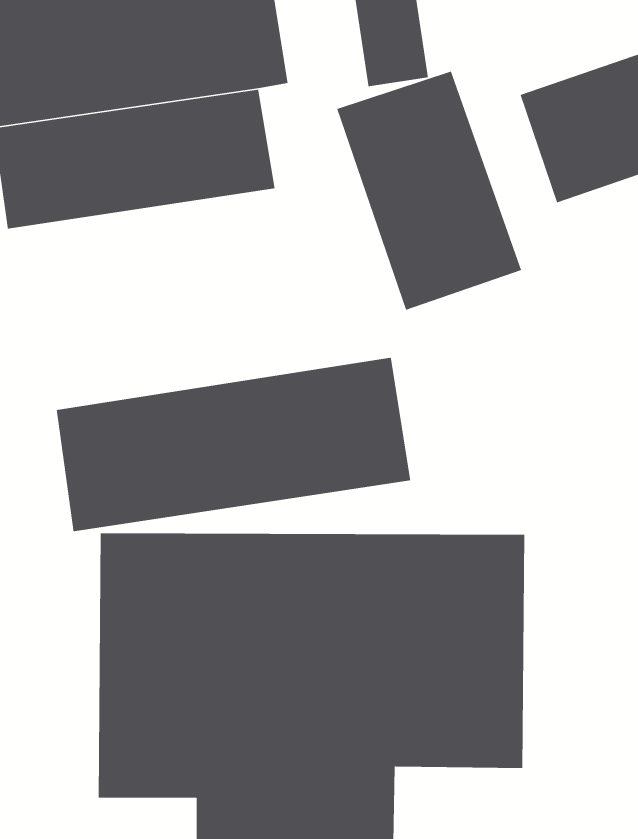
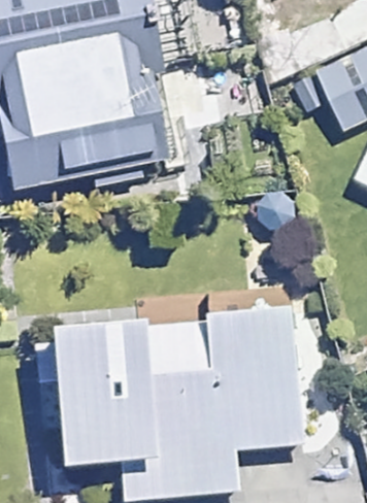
building: [336,70,522,311] -> none
building: [56,357,411,532] -> none

